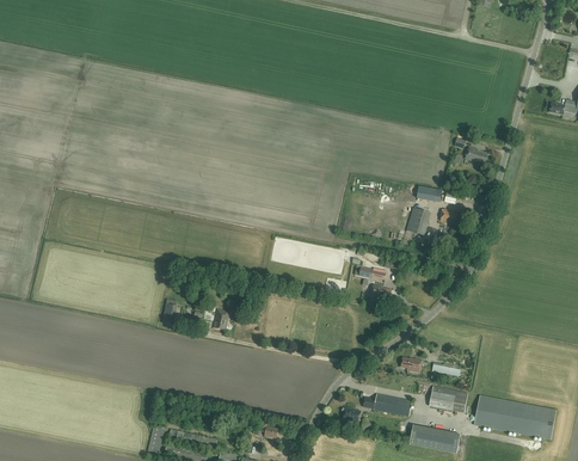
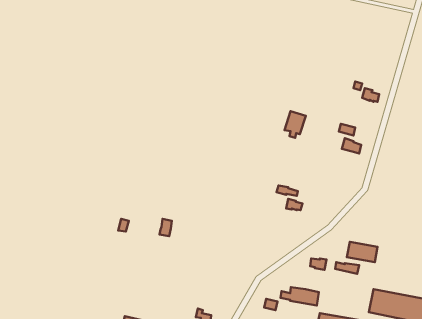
building: [406,207,432,240] -> [285,111,306,138]
building: [430,387,468,412] -> [347,242,378,262]

